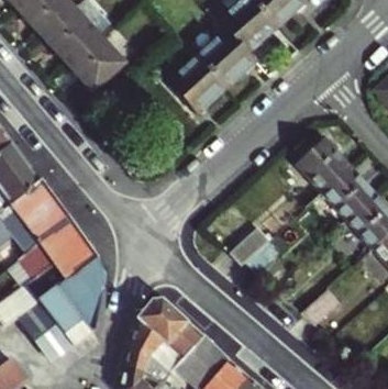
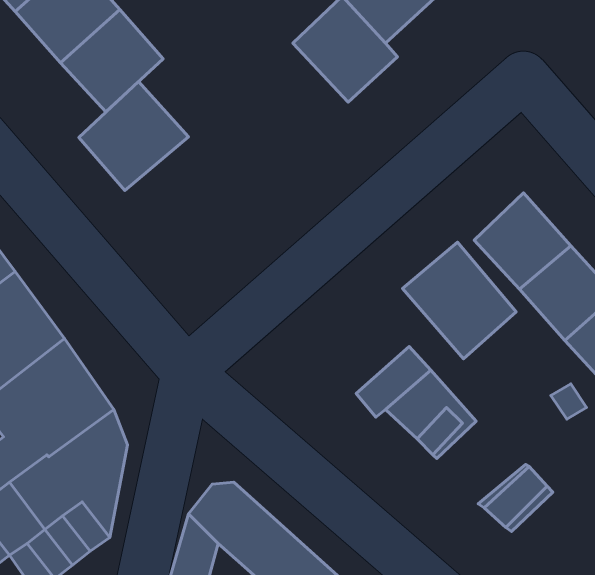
building: [167,55,228,115] -> none
building: none -> [79,81,188,190]
building: none -> [403,242,516,359]

